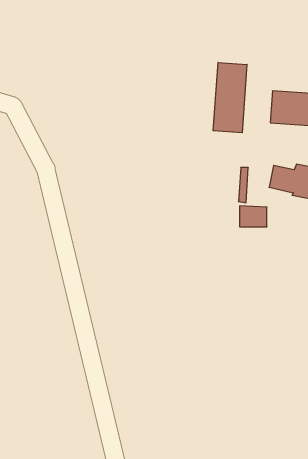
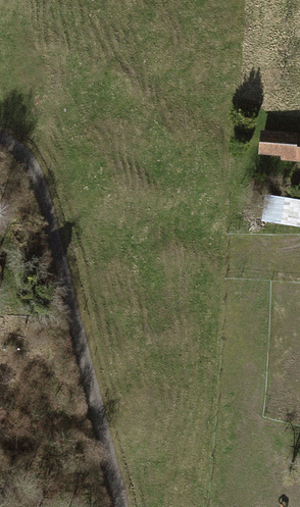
building: [213,62,247,133] -> none

